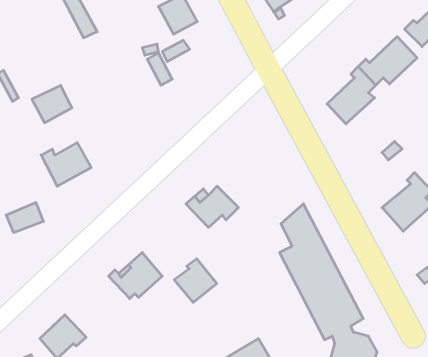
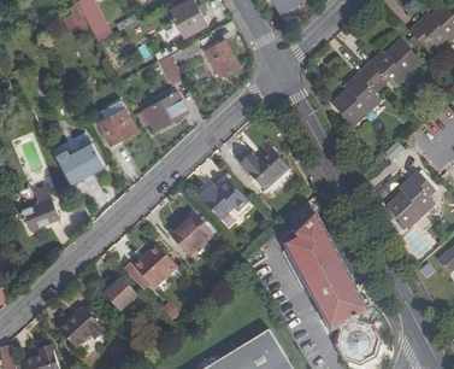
building: none -> [205,40,238,76]
building: [32,85,72,123] -> [99,109,137,145]
building: none -> [143,92,188,130]
building: none -> [240,153,285,194]
building: [174,259,217,302] -> [169,215,210,257]
building: none -> [101,281,134,314]

